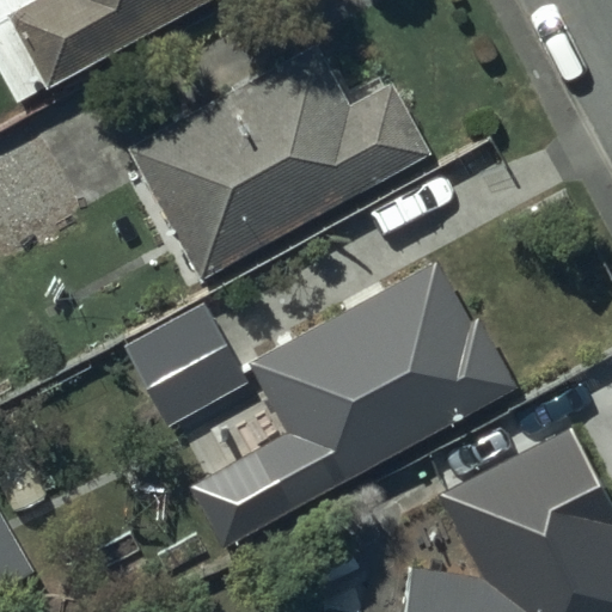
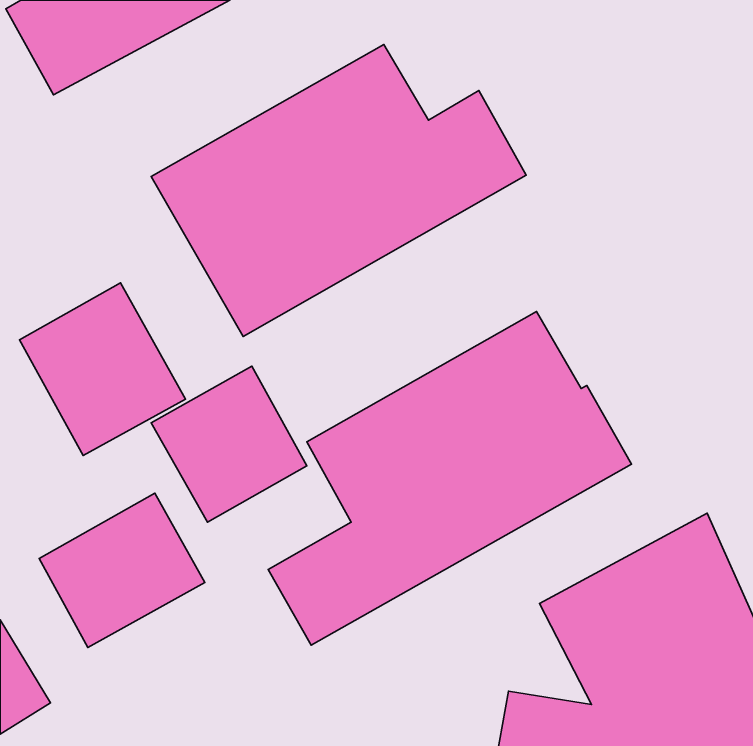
building: none -> [20,283,185,455]
building: none -> [39,493,205,647]

